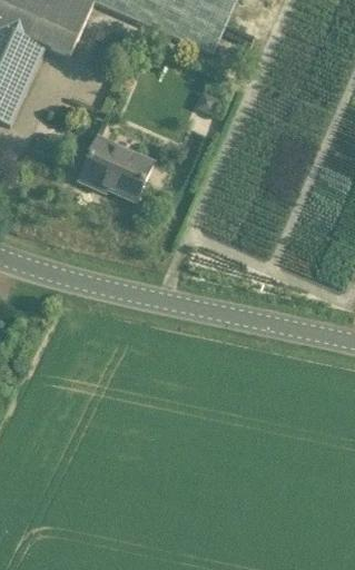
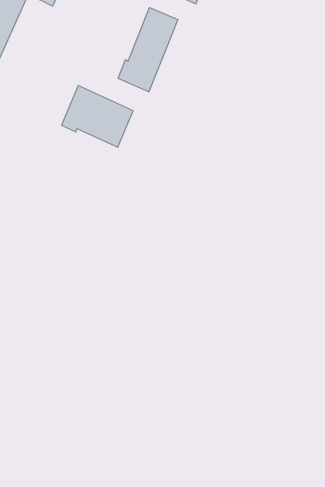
building: none -> [118,8,178,92]

